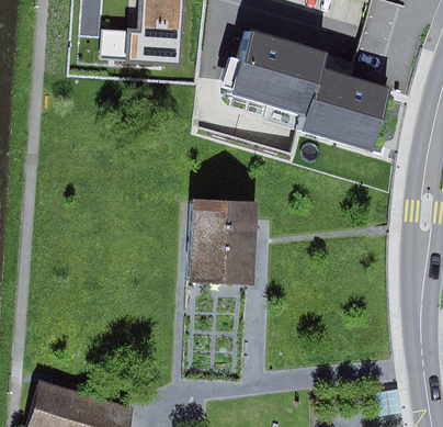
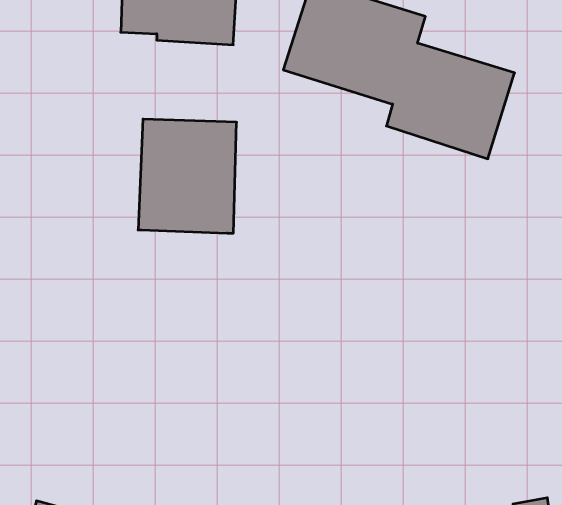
building: [189,199,258,279] -> [138,119,237,233]

